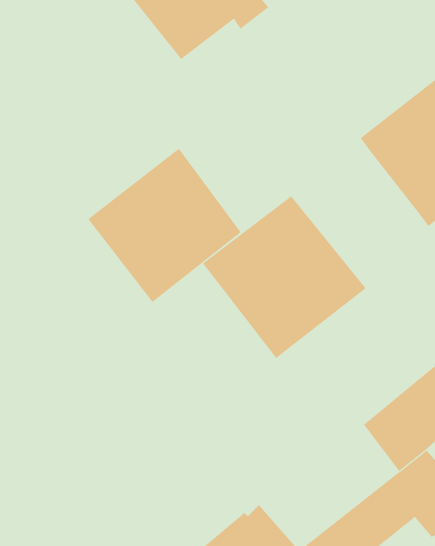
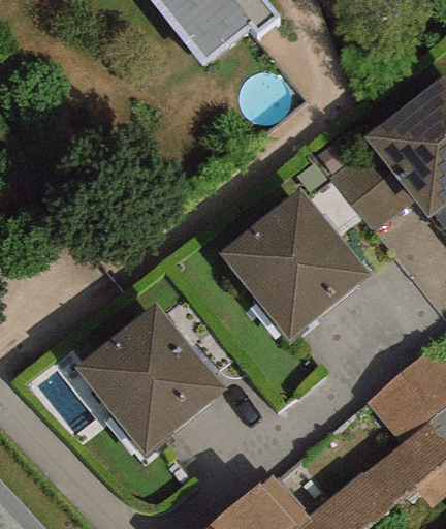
building: [88,148,242,303] -> none
building: none -> [333,149,416,234]
building: none -> [75,306,225,457]

